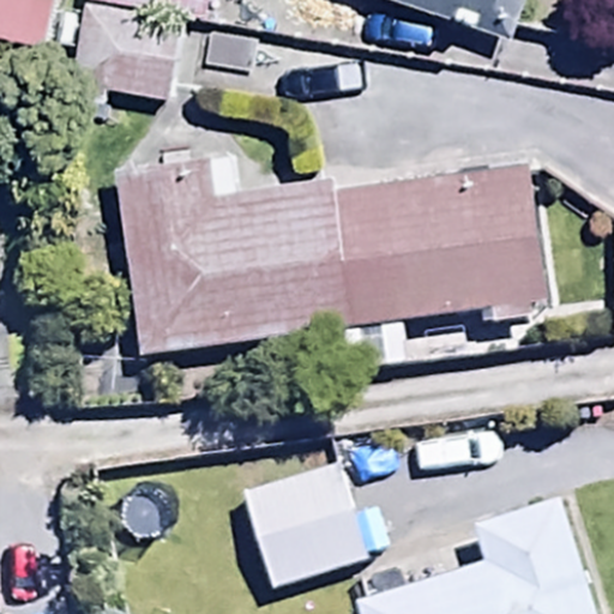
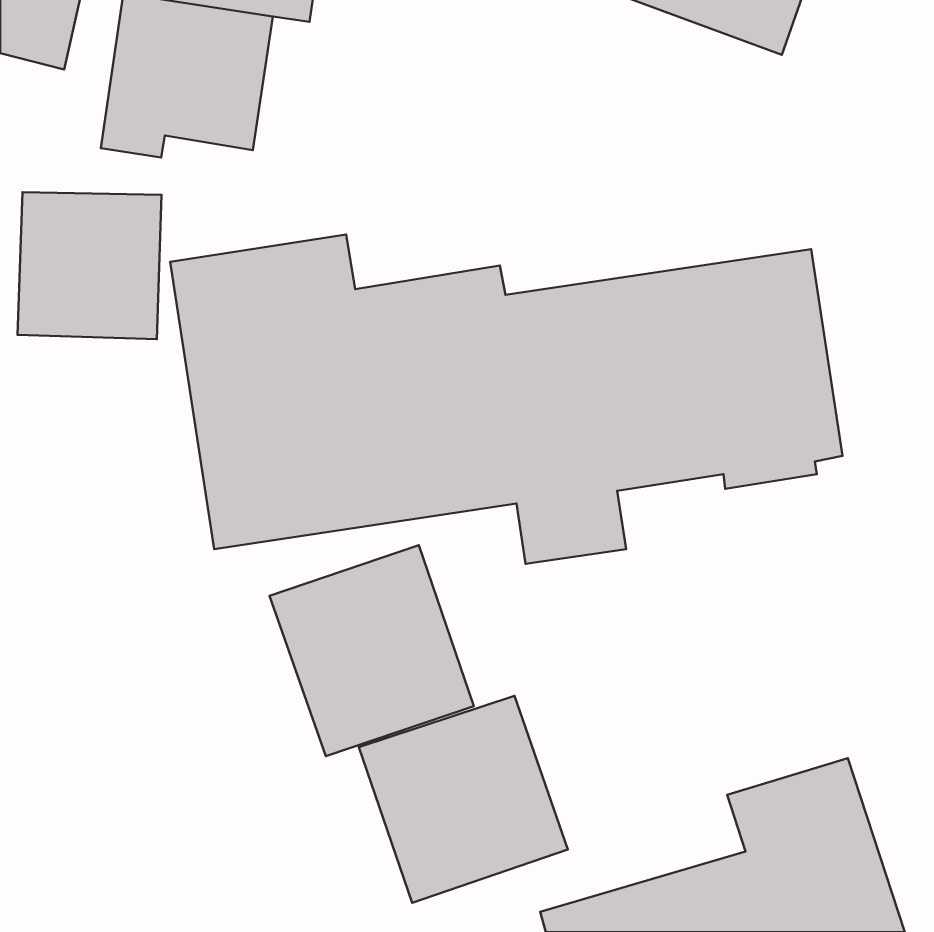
building: none -> [17,192,161,339]
building: none -> [270,545,474,756]

